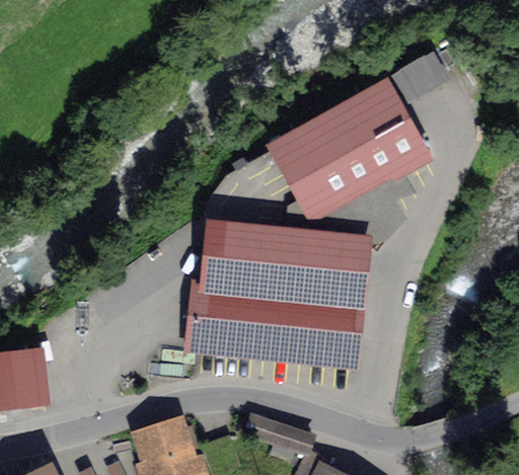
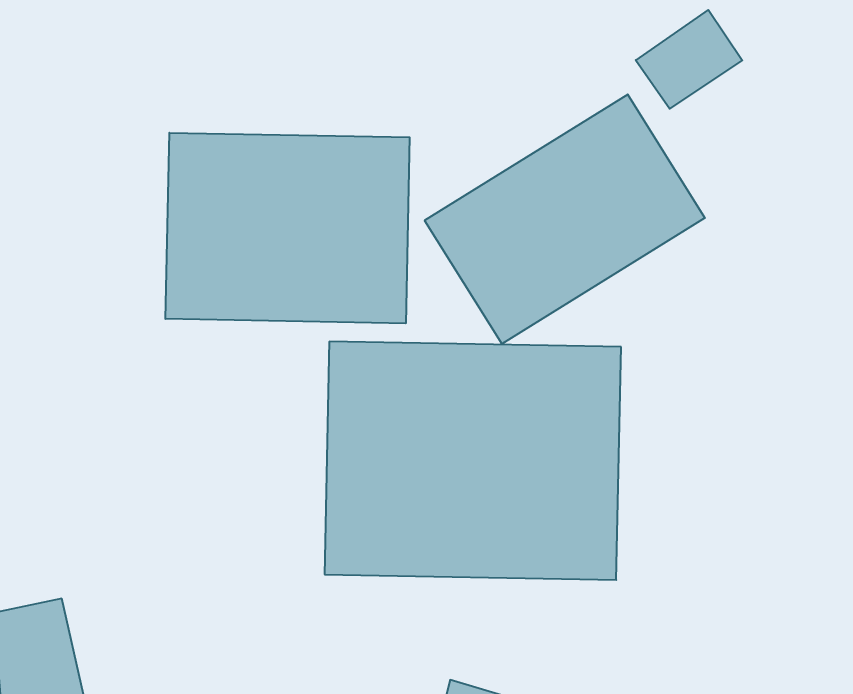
building: none -> [165,133,410,323]

